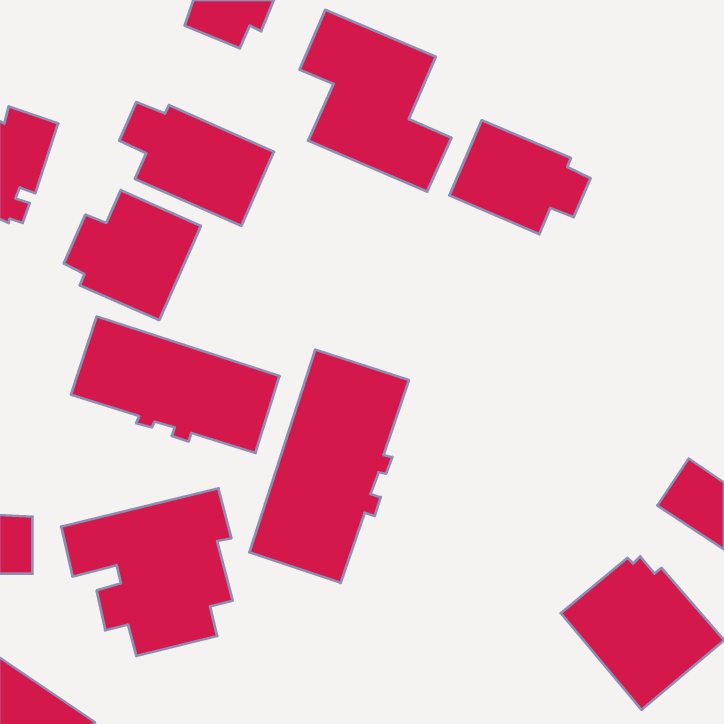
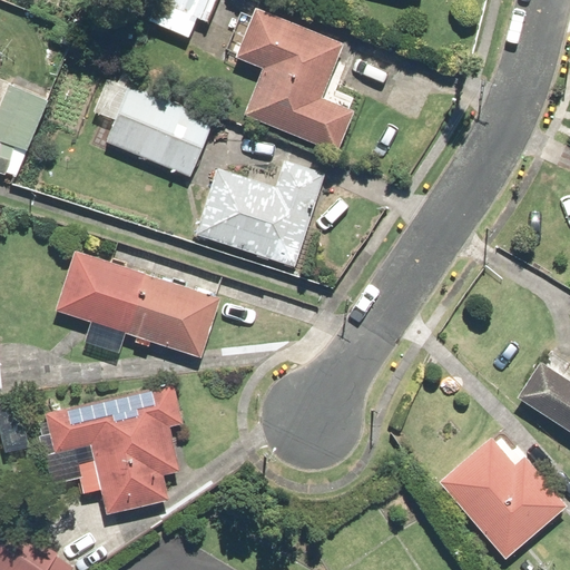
building: [449,120,590,234] -> none
building: [64,190,201,320] -> none
building: none -> [196,159,326,267]
building: [249,350,409,583] -> none

